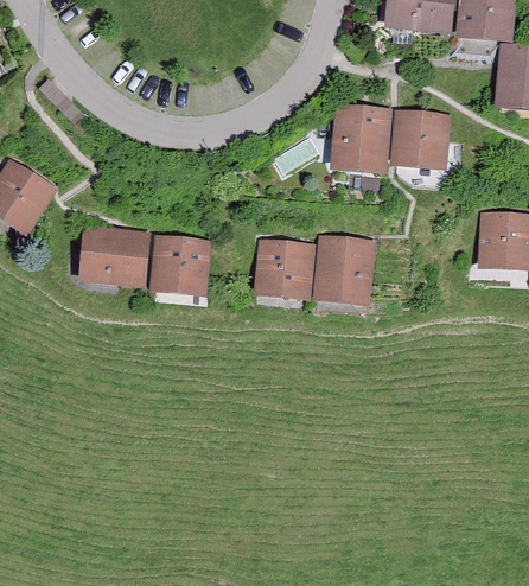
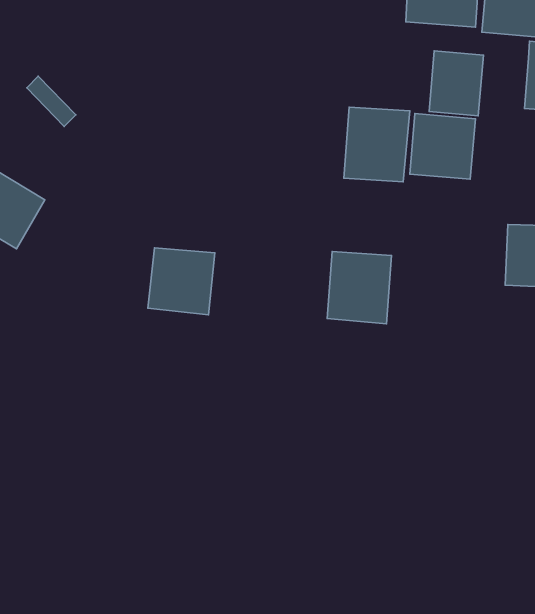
building: none -> [429,51,483,116]
building: [79,224,149,286] -> none
building: [255,241,316,298] -> none

